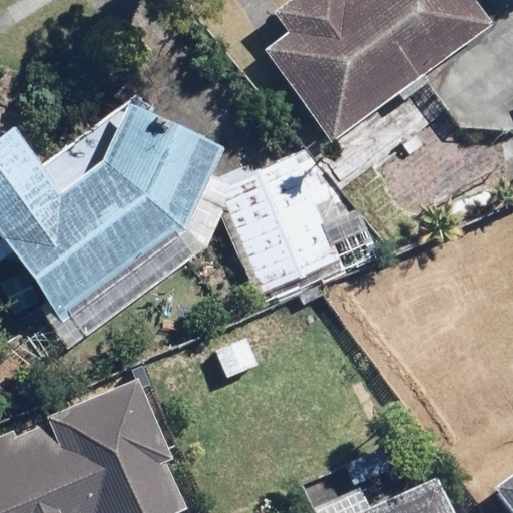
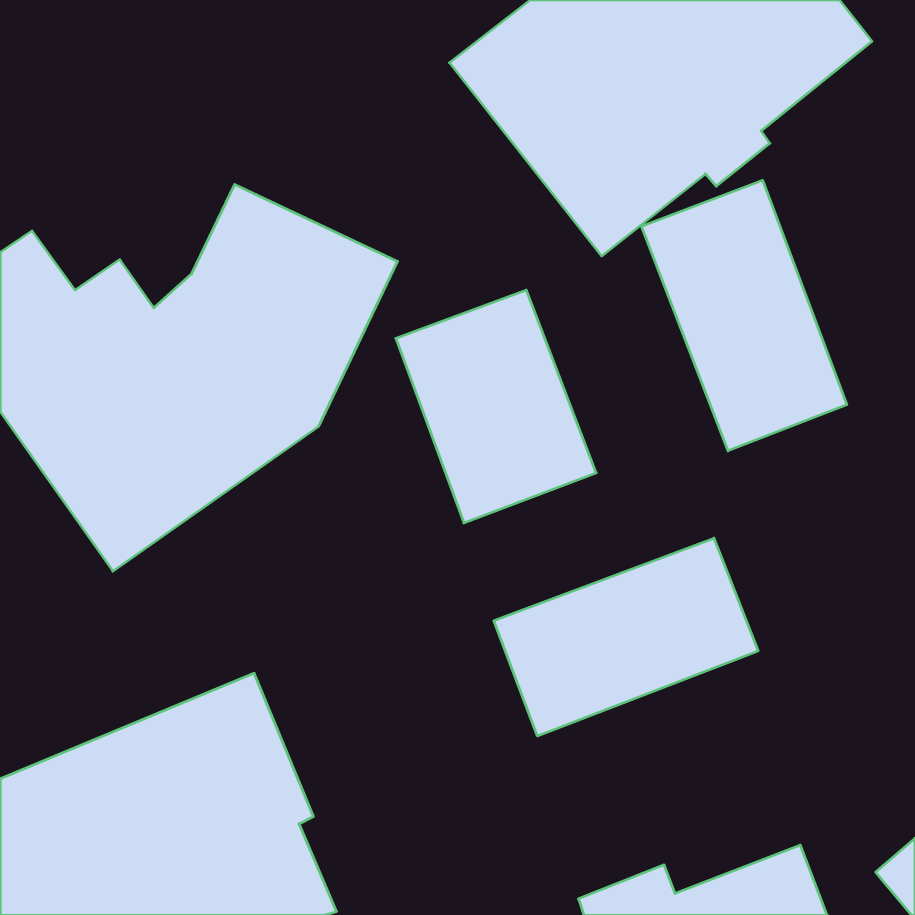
building: none -> [641,180,847,451]
building: none -> [494,538,758,736]

